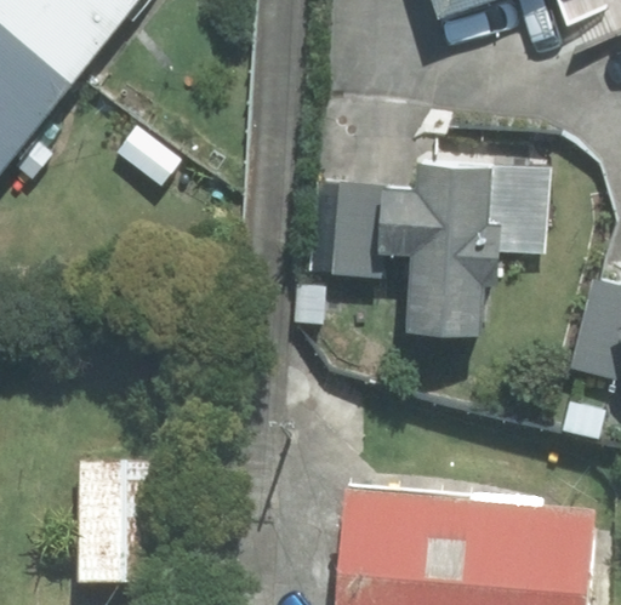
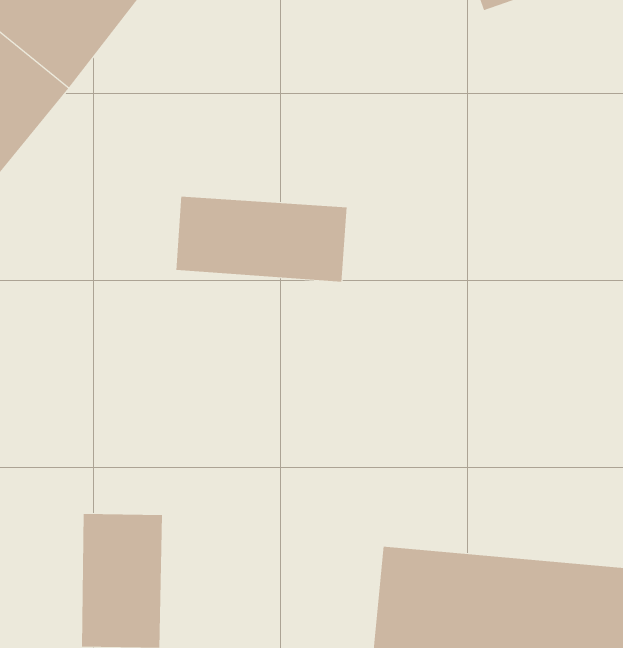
building: [315,161,502,335] -> none
building: none -> [176,196,347,283]

